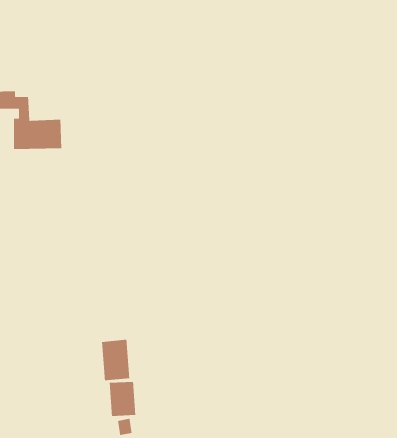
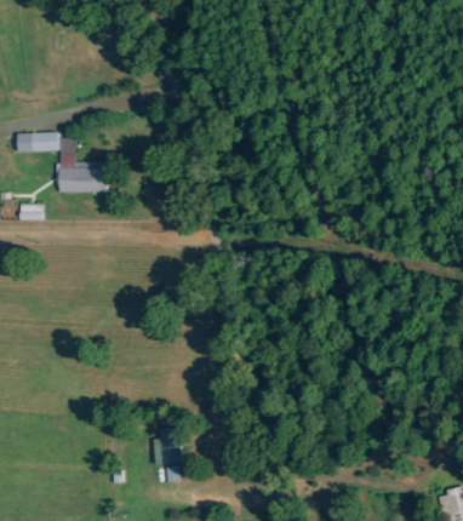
building: [101,339,130,381] -> none

